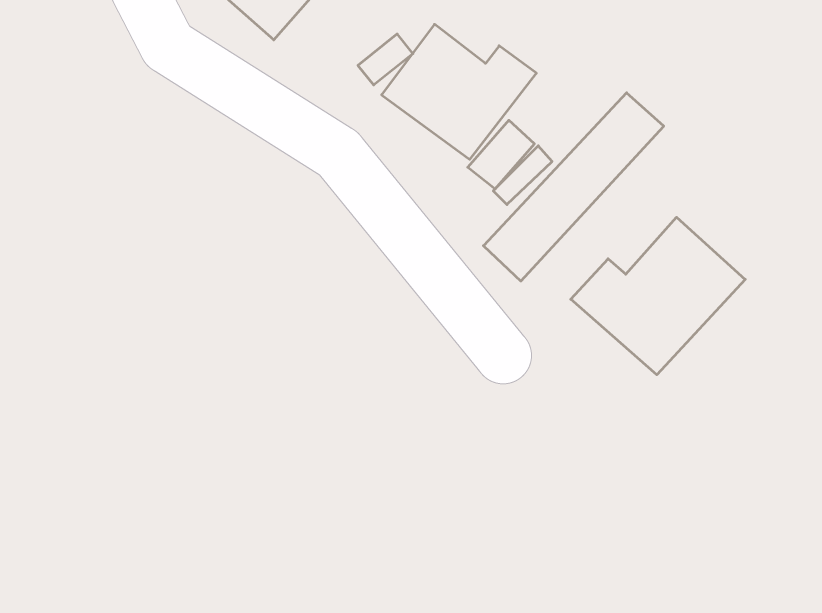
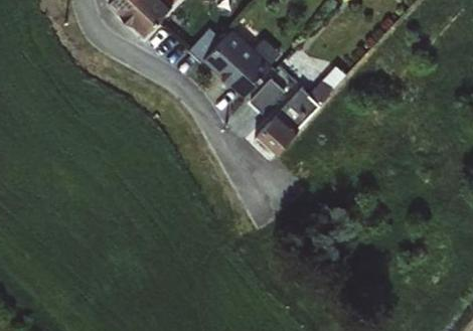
building: [571,217,745,375] -> none

